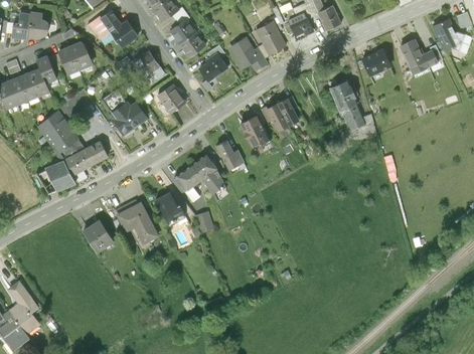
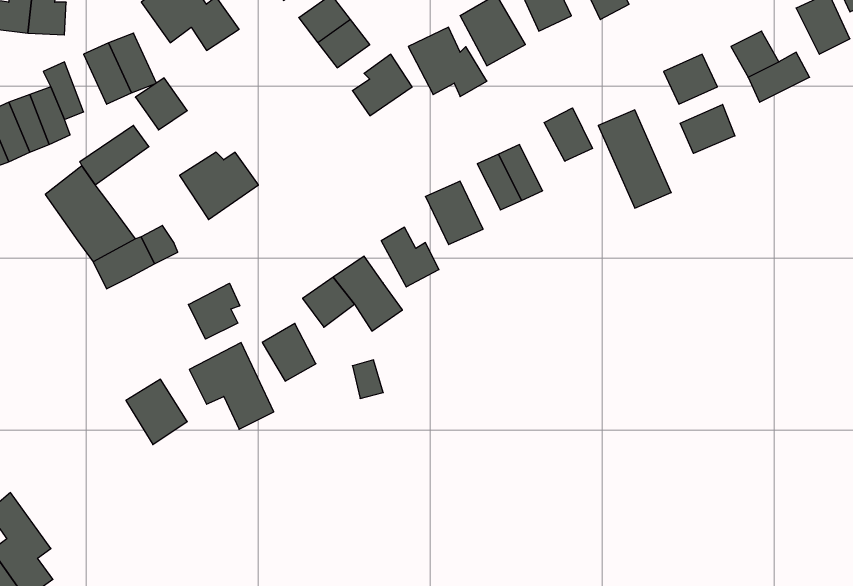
building: [133,49,160,76] -> [135,78,187,130]
building: none -> [680,104,735,153]
building: none -> [544,108,593,161]
building: [158,83,187,114] -> none
building: [35,159,74,192] -> none
building: none -> [188,283,240,339]

